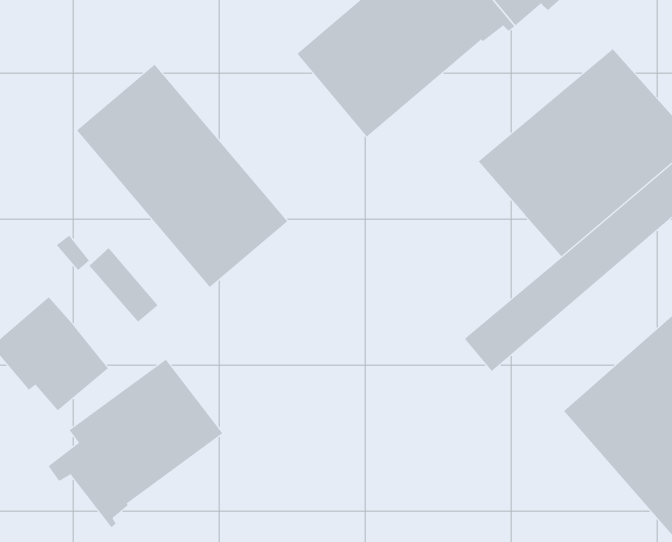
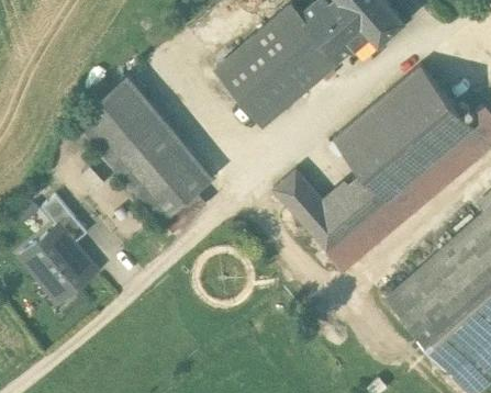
building: none -> [272,171,387,251]
building: [88,247,158,322] -> [42,196,87,245]
building: [48,359,223,528] -> none

